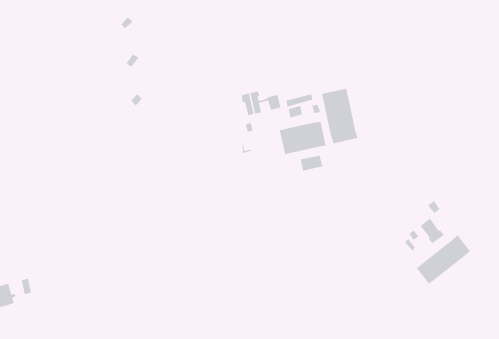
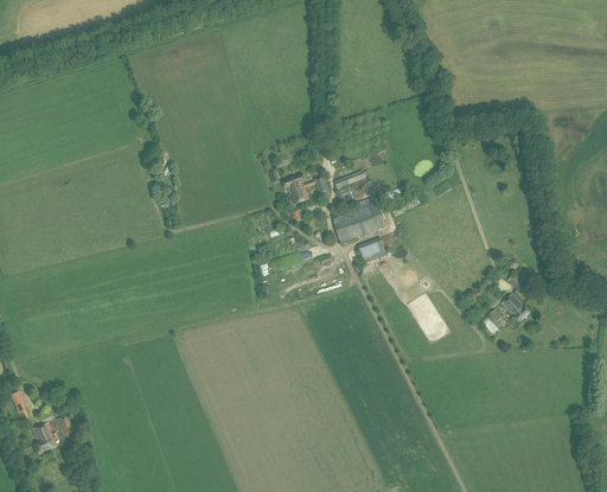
building: [321,88,358,144] -> none
building: [416,234,471,285] -> none

